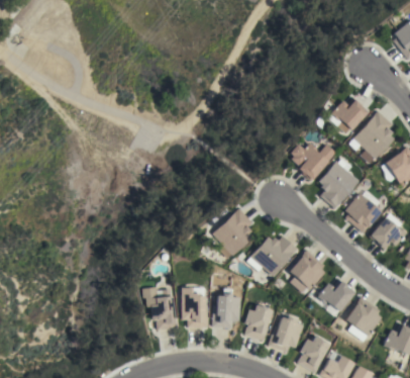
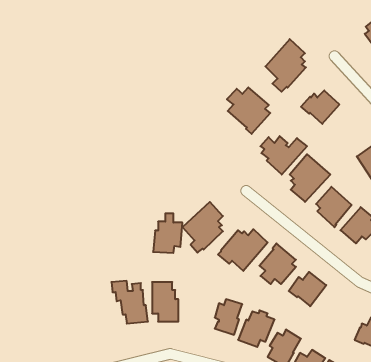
building: none -> [227,87,270,134]
building: [353,110,394,163] -> [265,39,306,92]
building: [212,288,241,327] -> [153,213,182,253]
building: [345,296,382,337] -> none

